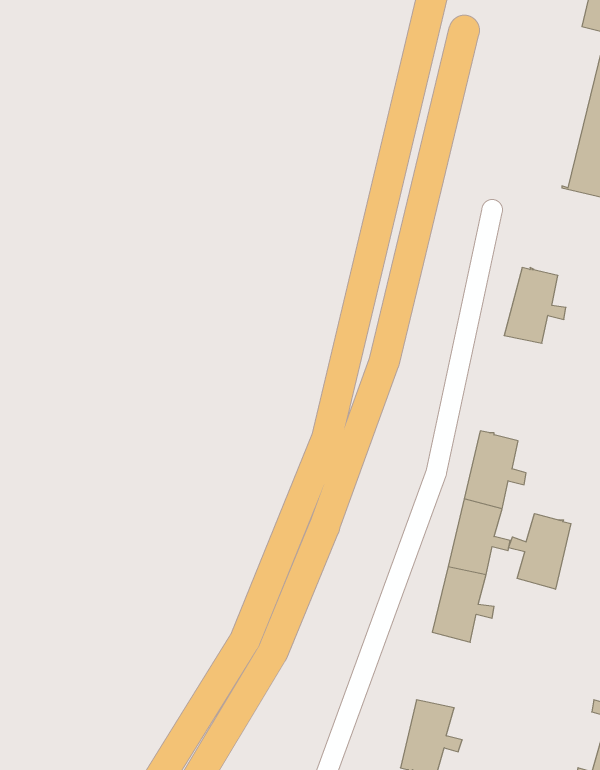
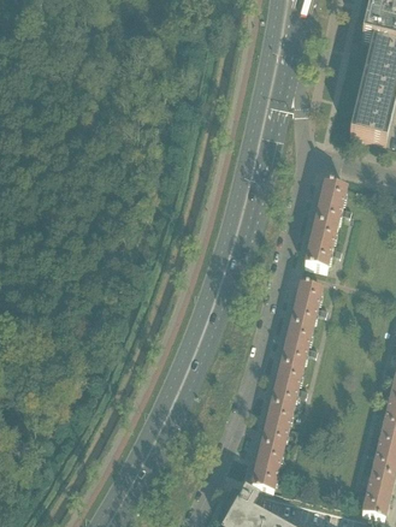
building: none -> [306,219,343,265]
building: [509,514,571,589] -> none
building: none -> [262,398,300,444]

